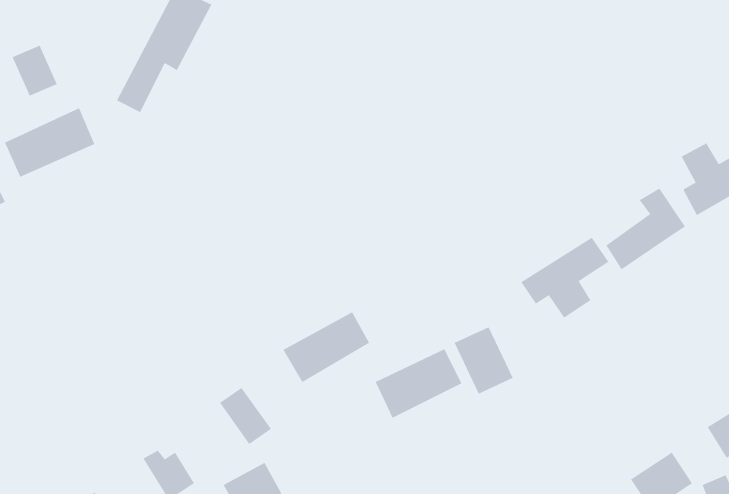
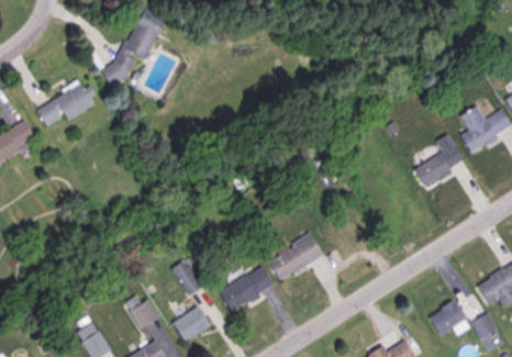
building: [12,45,57,96] -> none
building: [521,237,609,319] -> none
building: [282,311,370,383] -> [219,266,274,311]
building: [454,326,513,394] -> none

